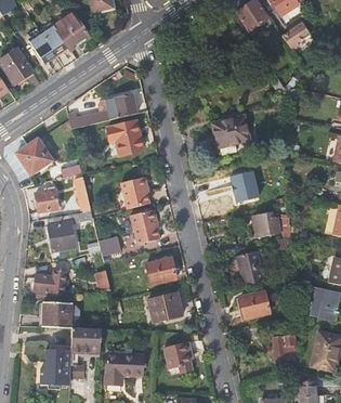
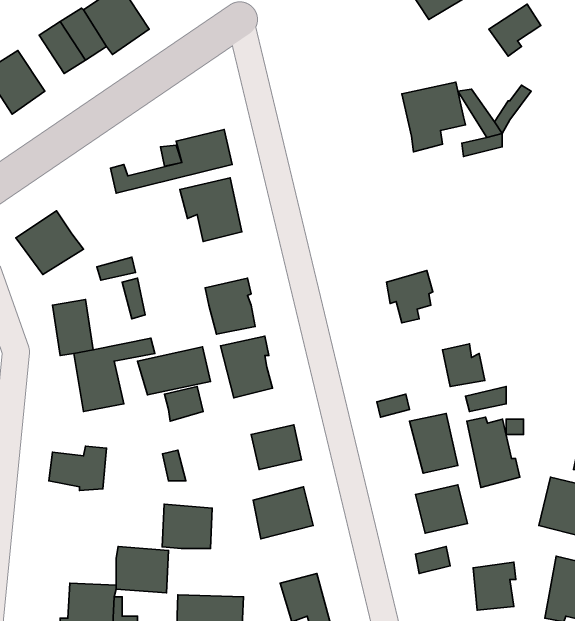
building: [213,116,249,155] -> [402,82,466,152]
building: none -> [137,347,210,395]
building: none -> [467,417,520,488]
building: [43,301,71,326] -> [162,504,212,549]

